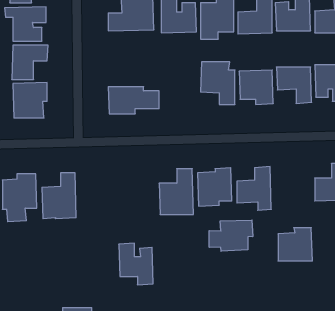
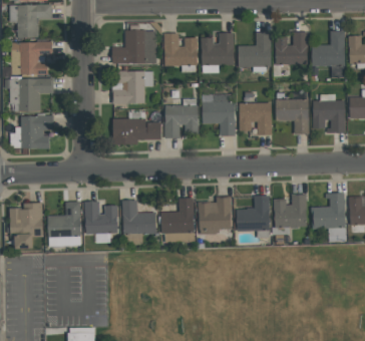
building: none -> [113,70,153,104]
building: none -> [164,98,198,137]
building: none -> [122,200,156,234]
building: [209,220,253,251] -> none
building: [278,228,312,261] -> [274,195,307,227]
building: [119,243,153,285] -> [84,201,117,241]

